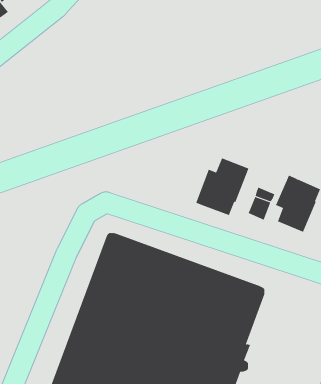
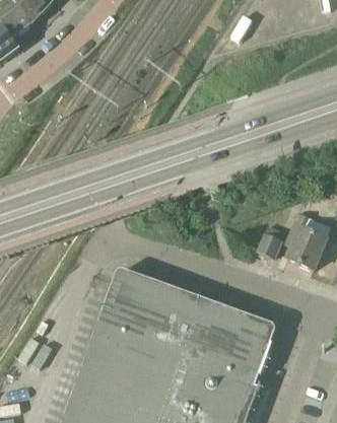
building: [195,157,249,216] -> none

